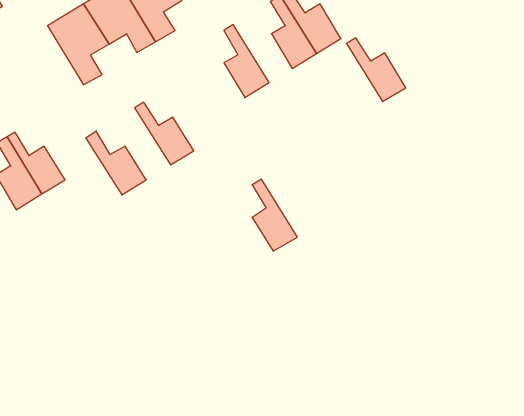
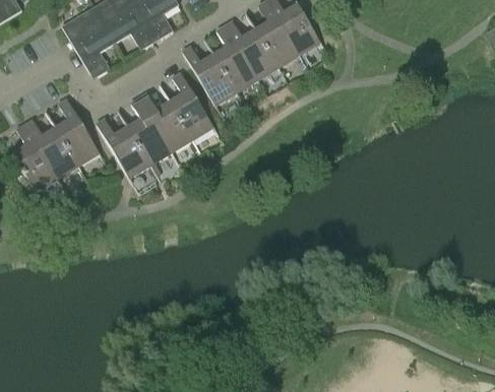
building: [347,38,406,102] -> [225,20,276,76]
building: none -> [182,46,235,103]
building: none -> [58,99,98,161]
building: none -> [130,99,170,161]
building: [252,179,297,251] -> [172,73,211,136]

